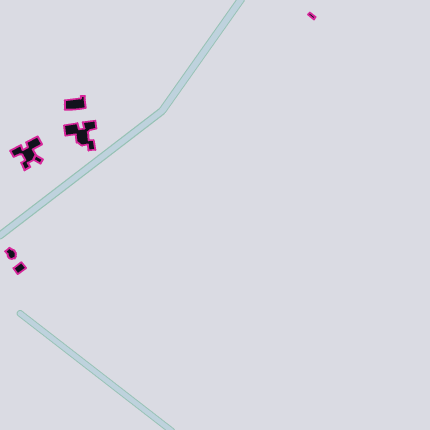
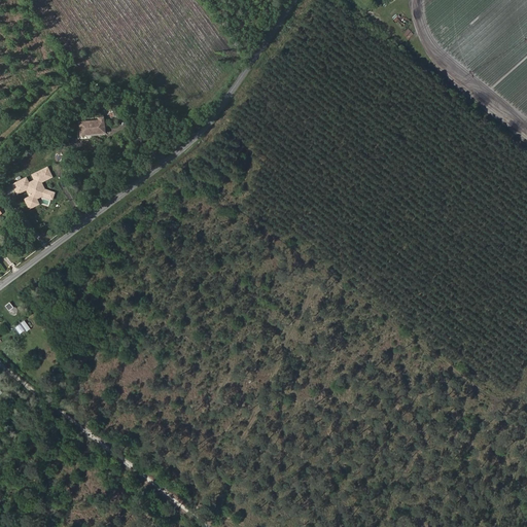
building: [64,121,96,151] -> none

